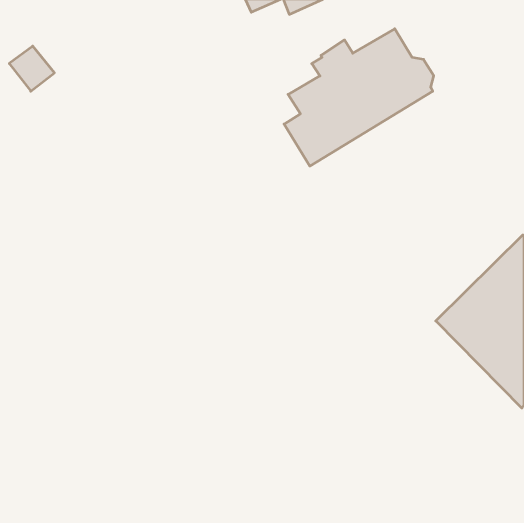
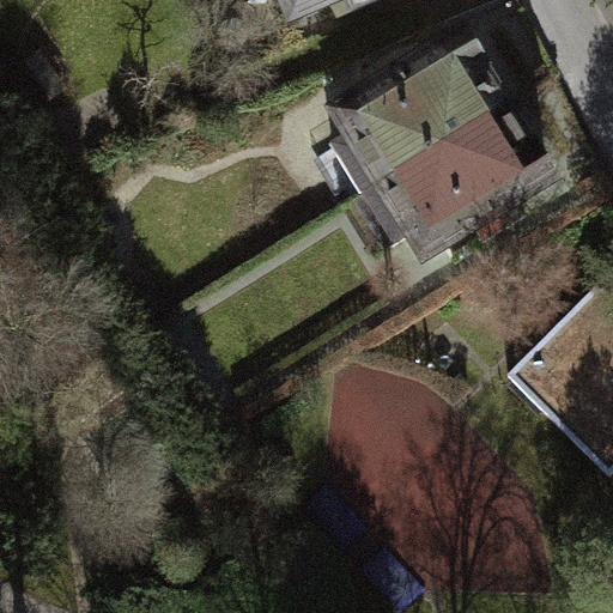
building: none -> [362,107,550,254]

